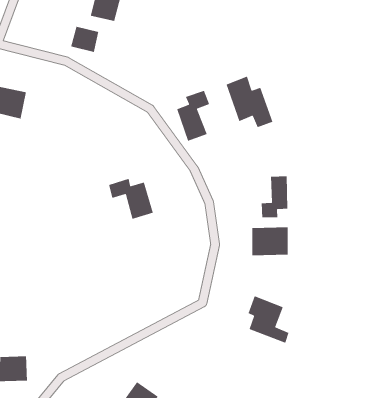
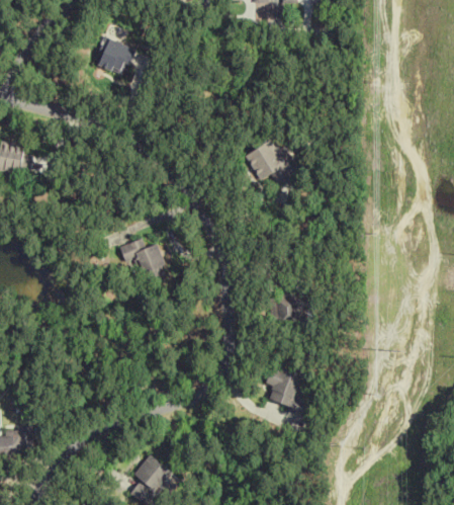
building: [70,26,99,53] -> none
building: [176,90,210,142] -> none
building: [261,176,288,218] -> none

